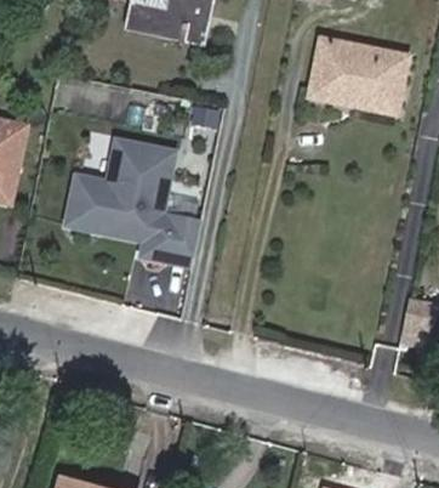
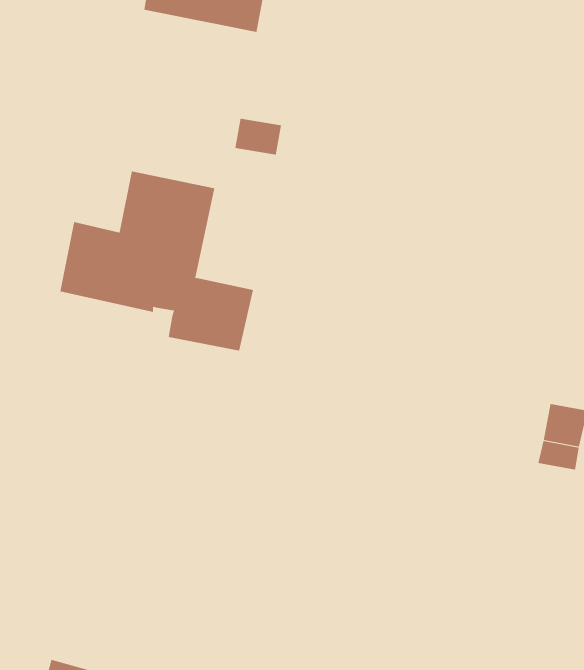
building: [308,35,406,110] -> none

